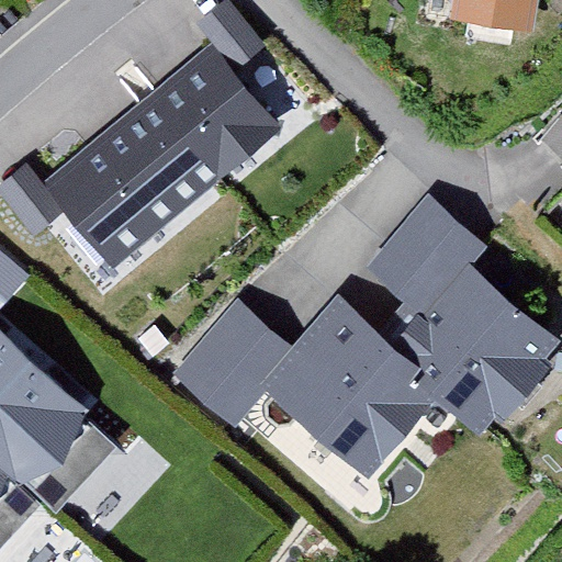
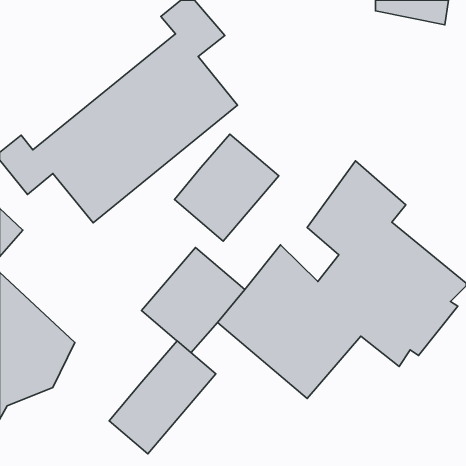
building: none -> [174,134,279,241]
building: none -> [109,341,216,454]

